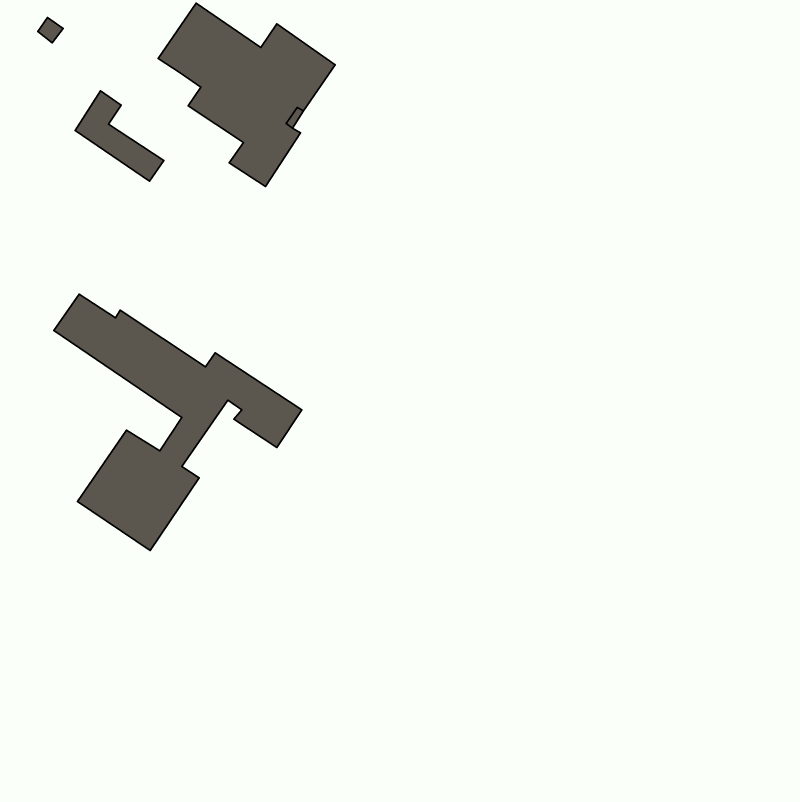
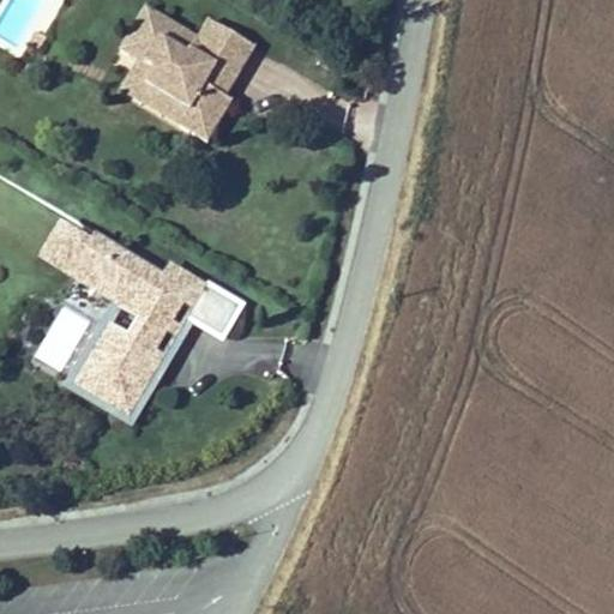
building: [75,91,164,181] -> [124,55,191,124]
building: none -> [38,299,94,366]

